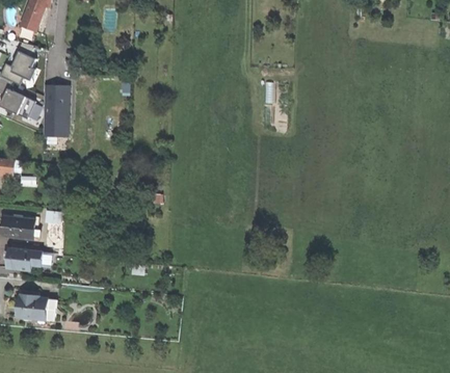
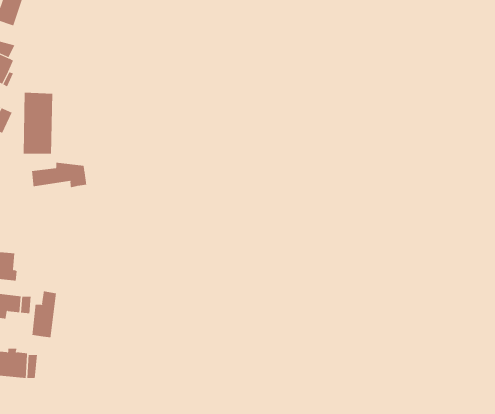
building: none -> [32,162,87,188]
building: none -> [32,291,56,338]

